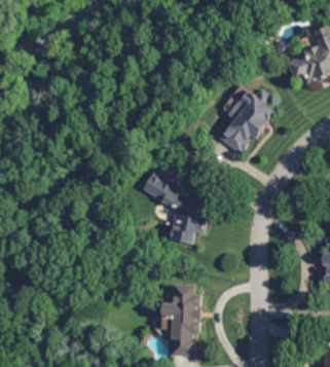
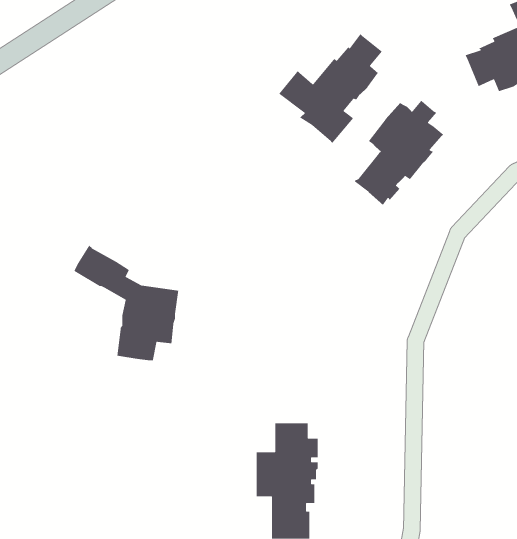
building: none -> [278,33,383,144]
building: [144,173,208,244] -> [74,244,179,361]

